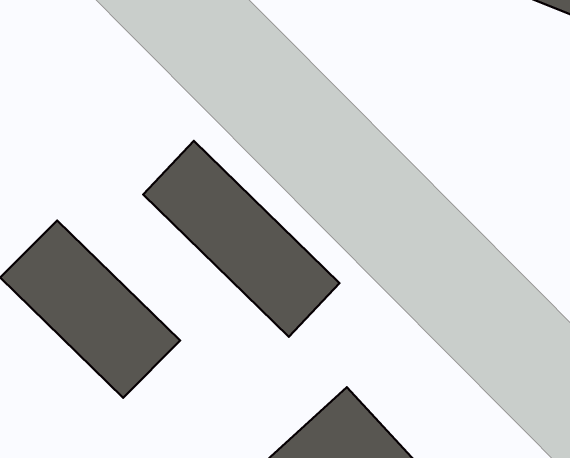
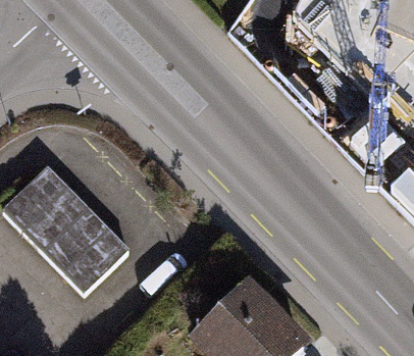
building: [143,141,340,337] -> none

